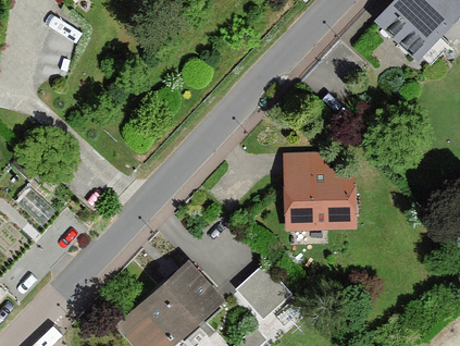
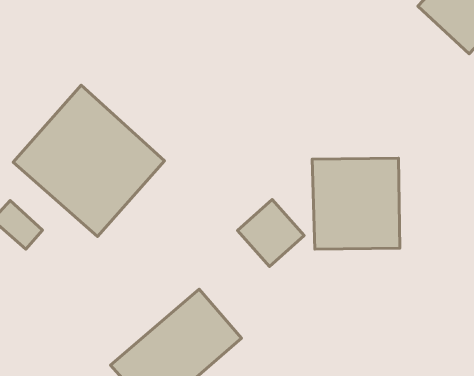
building: none -> [13,85,164,237]
building: [236,263,293,320] -> [237,200,304,266]

